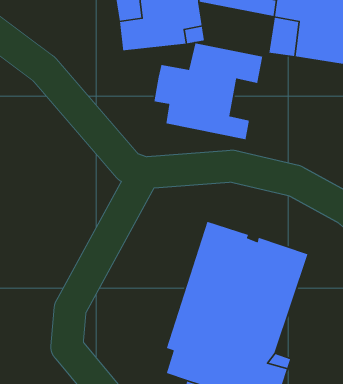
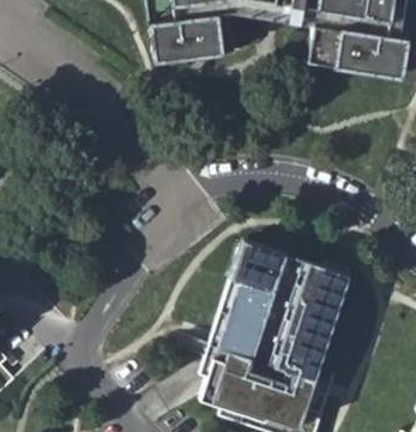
building: [154,43,263,140] -> none

